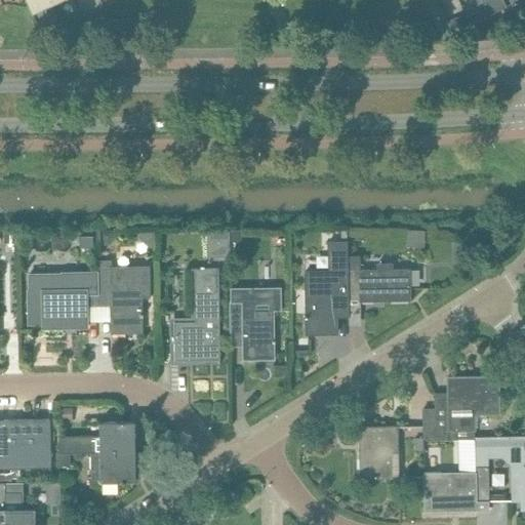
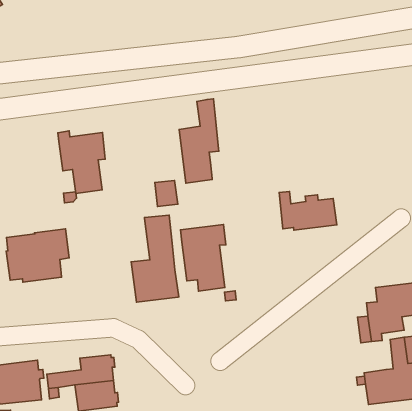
building: [305,241,348,334] -> [179,99,219,183]
building: [97,260,149,333] -> [58,131,105,193]
building: [359,427,397,479] -> none

